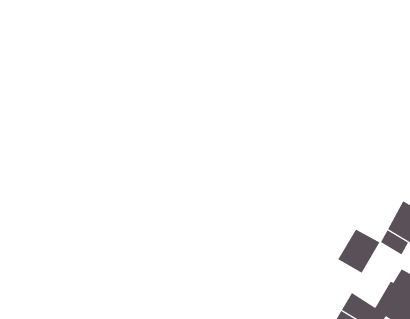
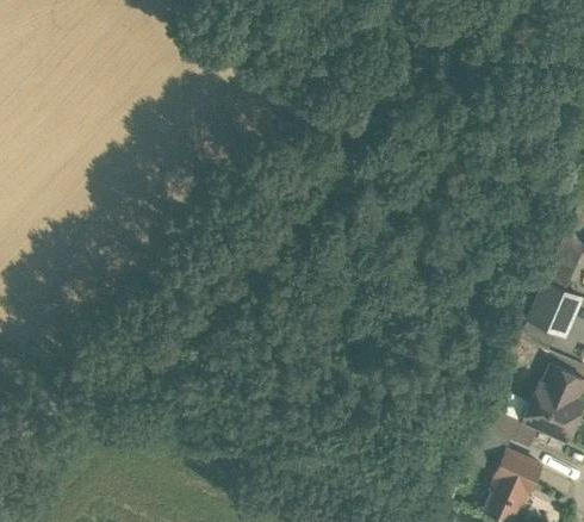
building: [337,229,380,274] -> none

